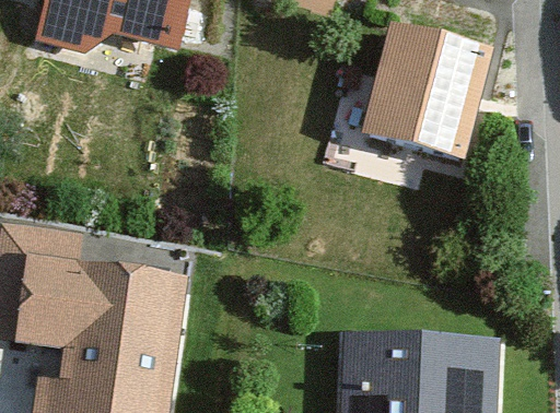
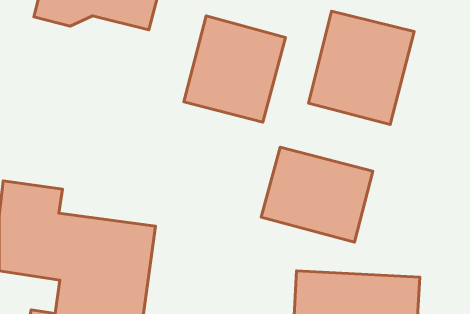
building: none -> [184,16,286,122]
building: none -> [261,147,373,242]

